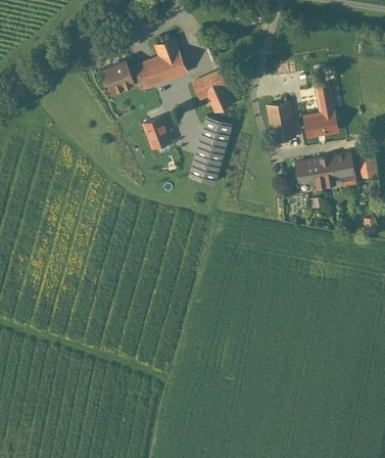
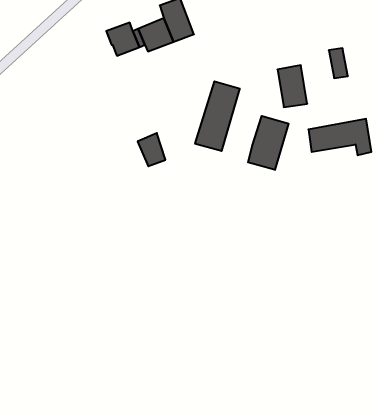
building: [192,66,241,113] -> none
building: [298,103,337,137] -> none
building: [143,118,170,149] -> [138,133,165,166]
building: none -> [248,116,289,170]

